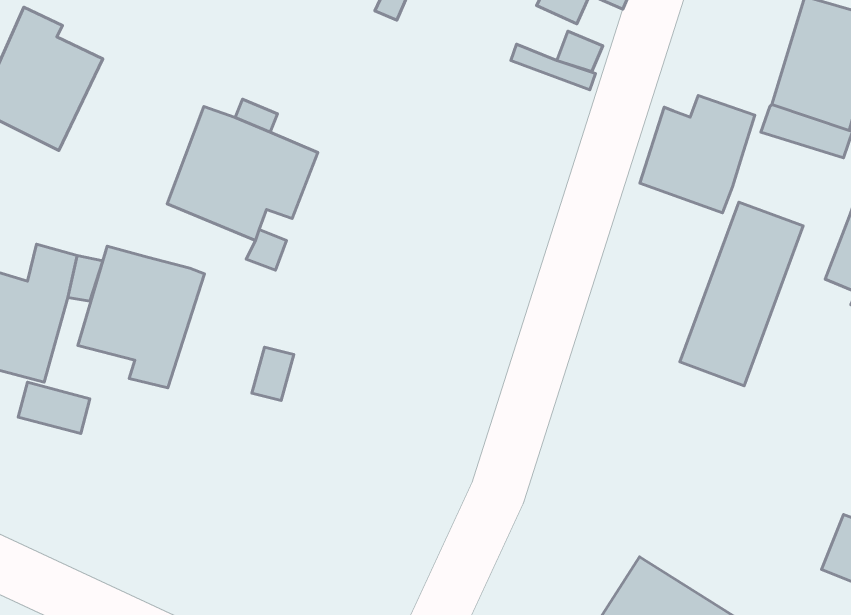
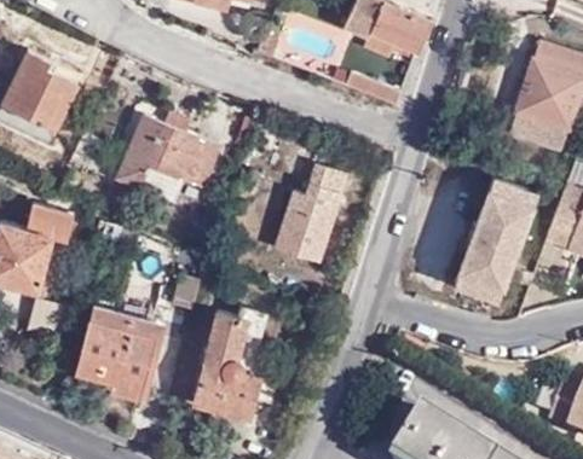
building: [640,96,755,213] -> none
building: none -> [273,164,345,262]
building: [78,246,205,388] -> [80,304,163,397]
building: none -> [195,306,269,416]

